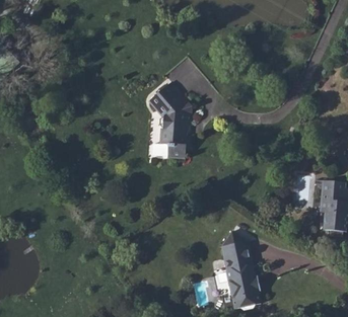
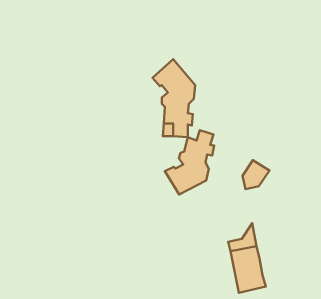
building: none -> [165,130,214,194]
building: [221,232,248,260] -> [242,160,269,189]

